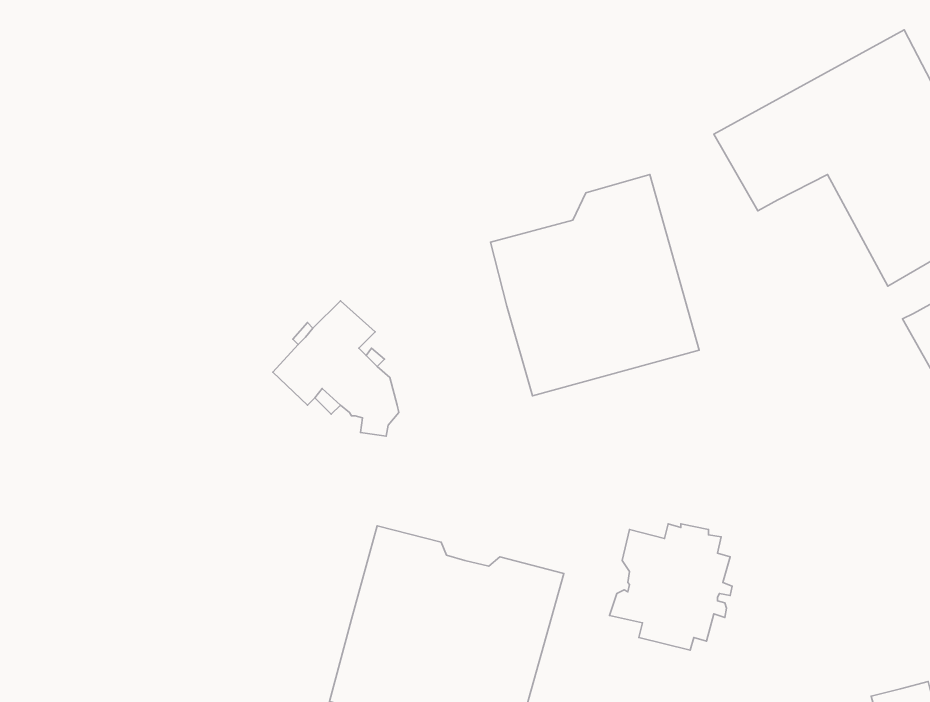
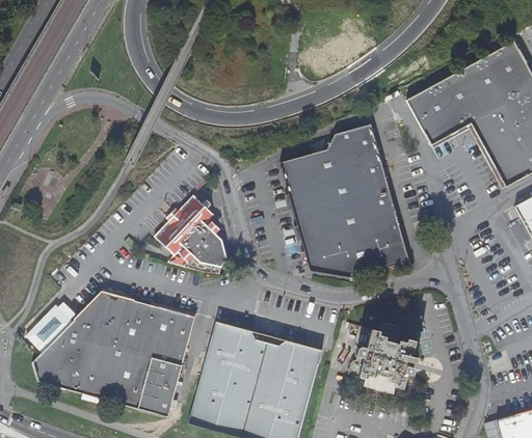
building: none -> [304,222,409,276]
building: none -> [33,291,195,416]

